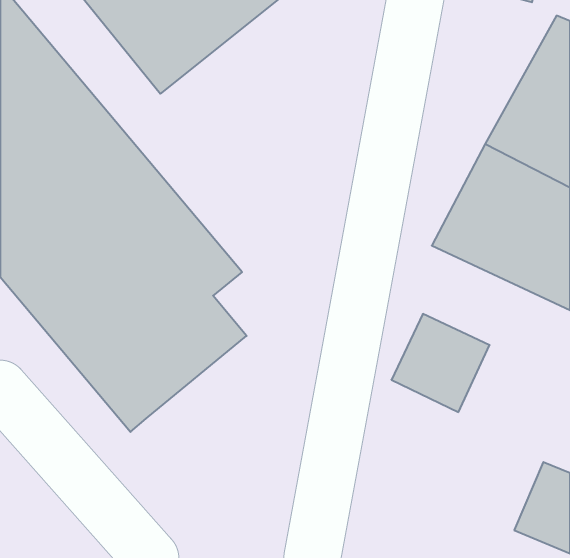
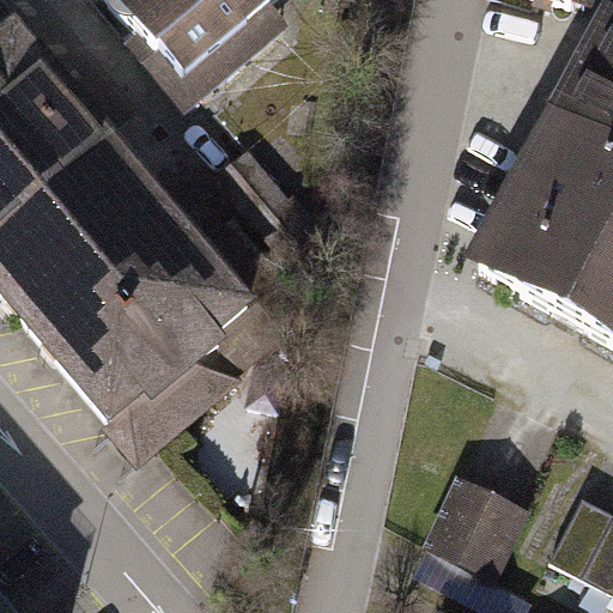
building: [391,314,490,412] -> [426,473,532,578]

